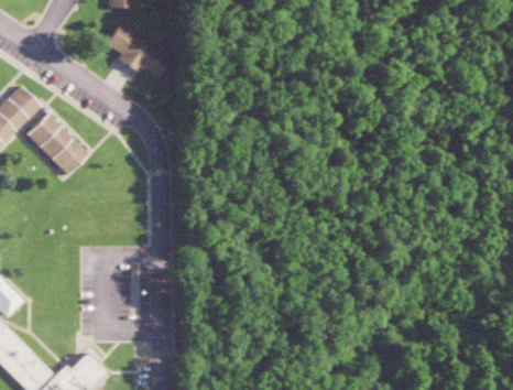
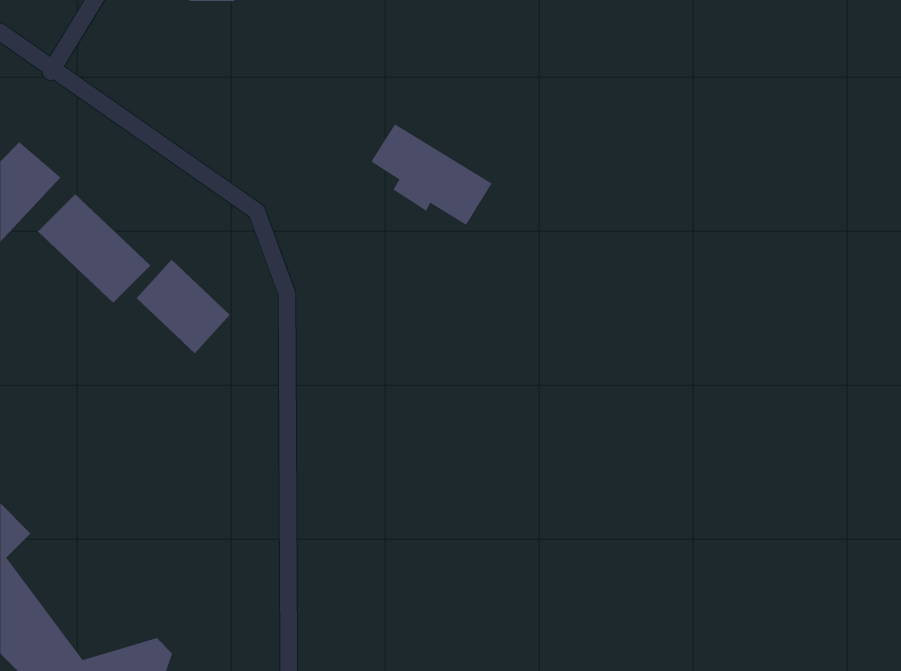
building: [103,23,171,79] -> [371,123,493,225]
building: none -> [136,259,230,354]

